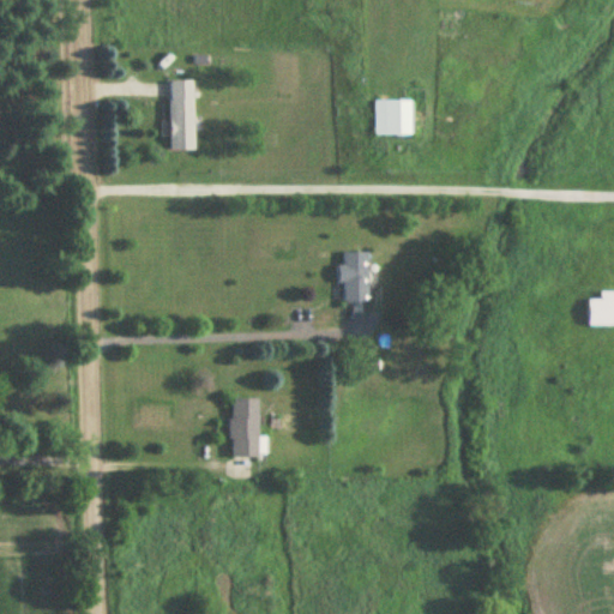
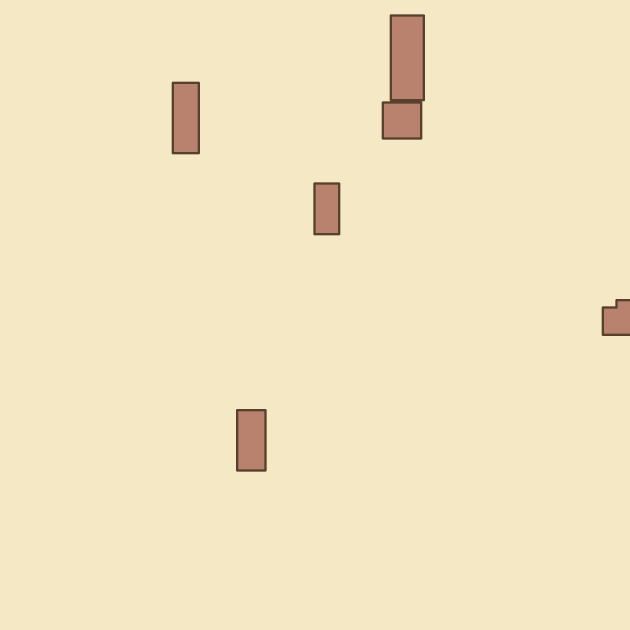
building: none -> [391,15,424,100]
building: [344,251,368,300] -> [314,184,339,234]

